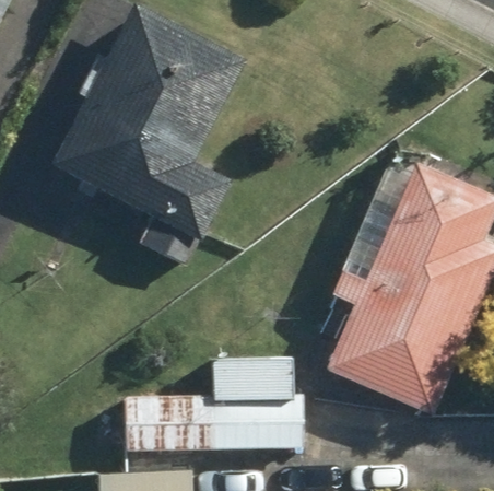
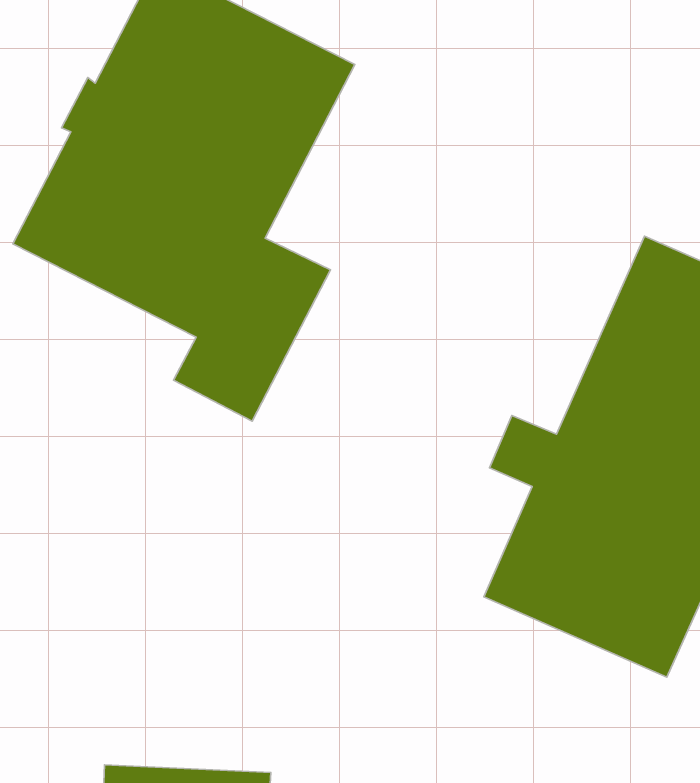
building: [125,360,304,454] -> none

